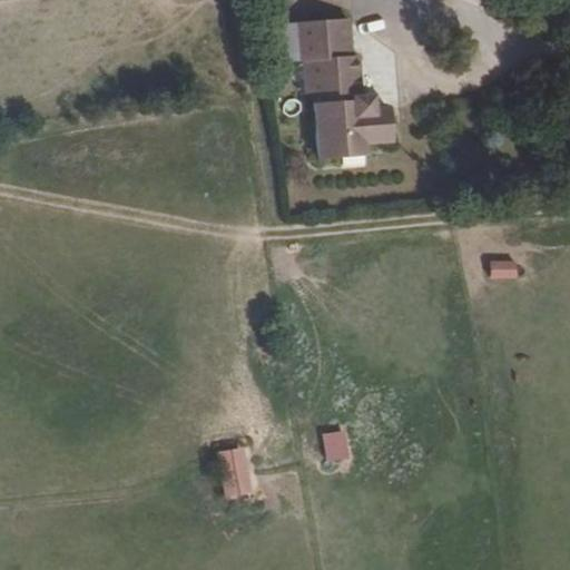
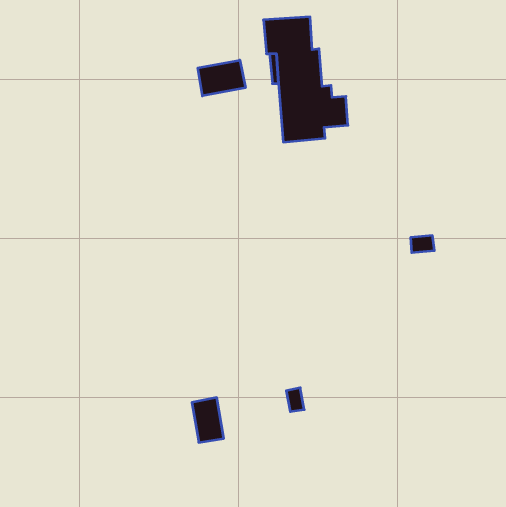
building: none -> [198,60,245,96]

